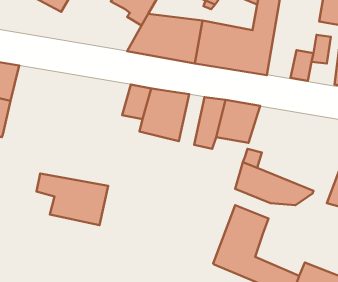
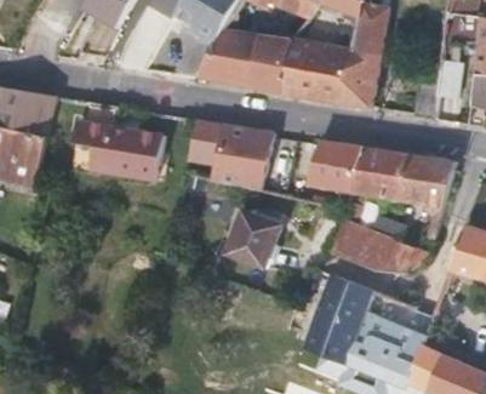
building: none -> [349,147,457,240]
building: none -> [227,211,284,268]
building: [36,173,108,225] -> [78,118,168,183]
building: none -> [358,309,424,362]

